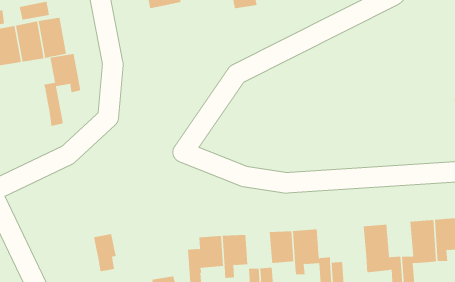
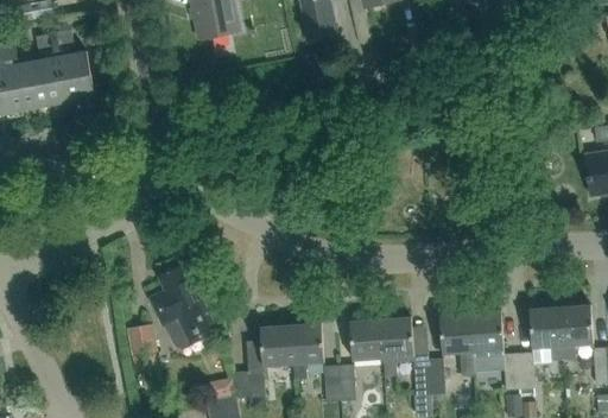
building: [44,53,81,127] -> none
building: none -> [151,265,218,347]
building: none -> [438,314,474,376]

